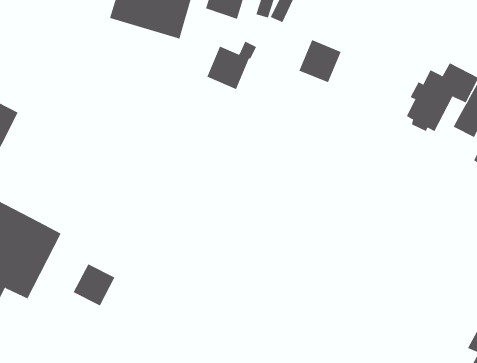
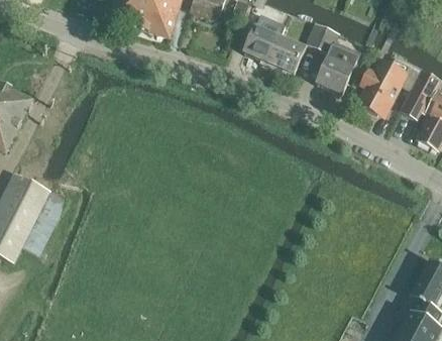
building: none -> [307,22,359,94]
building: [206,41,257,90] -> [243,21,286,63]
building: [73,263,115,306] -> none

